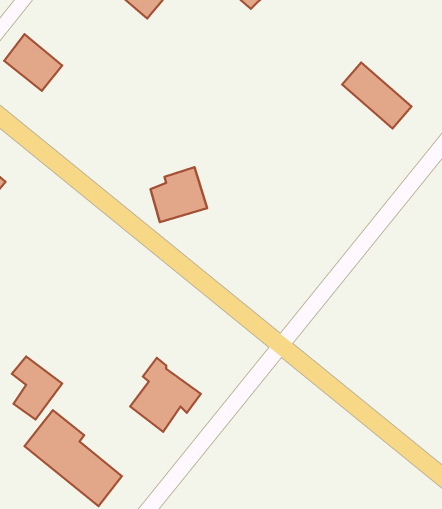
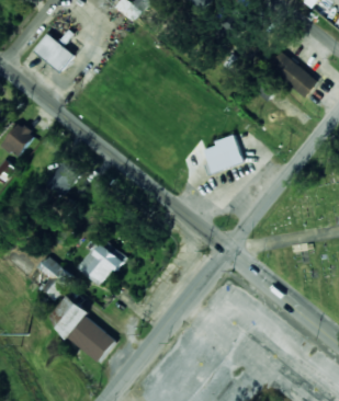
building: [150,167,207,222] -> [203,135,242,173]
building: none -> [46,162,79,196]
building: [130,358,201,432] -> [76,234,125,286]

